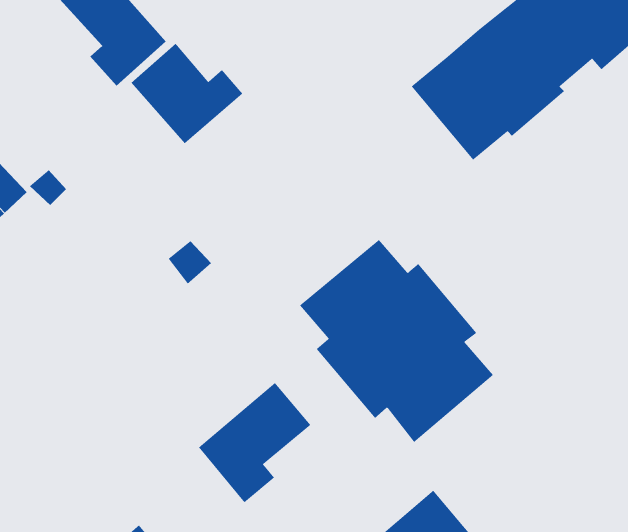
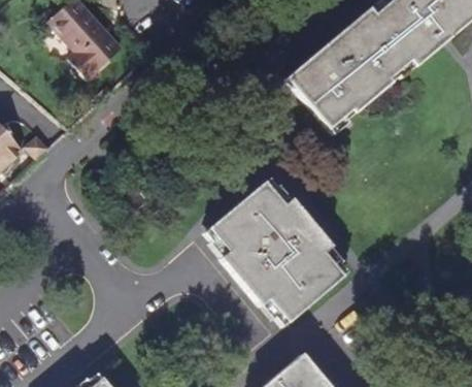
building: [130,43,243,144] -> none
building: [198,382,311,503] -> none

